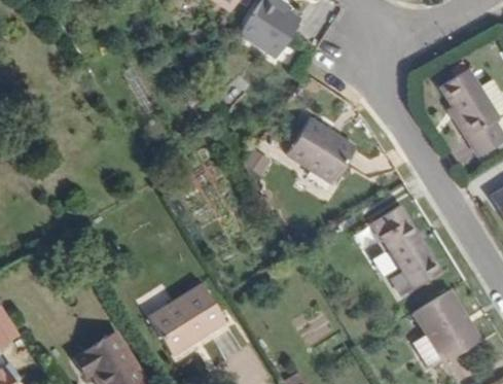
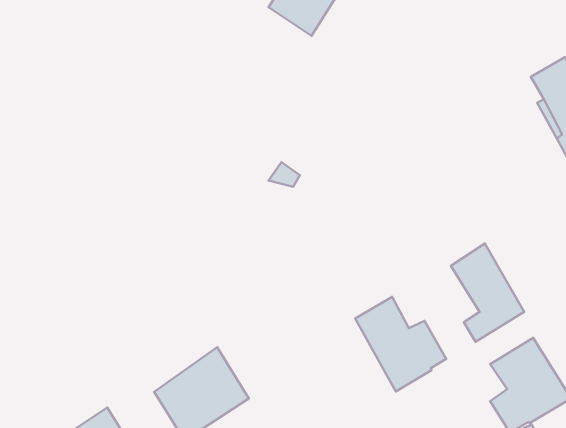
building: [285,111,351,173] -> none
building: none -> [355,297,446,391]

